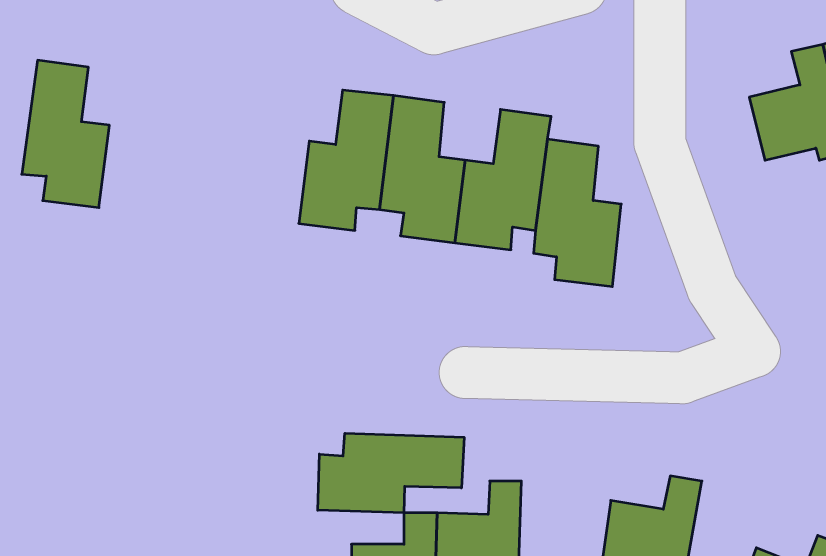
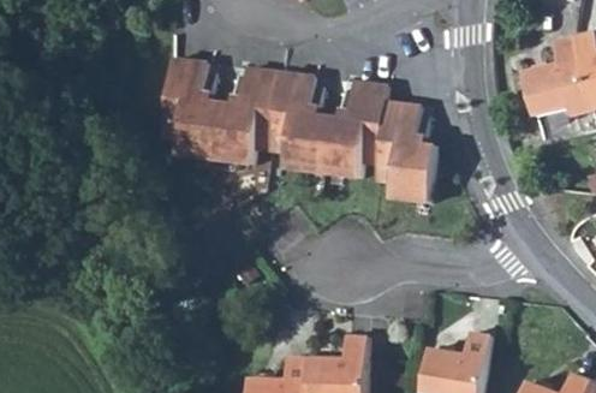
building: [22,60,109,208] -> [162,58,222,159]
building: [318,433,464,513] -> none

